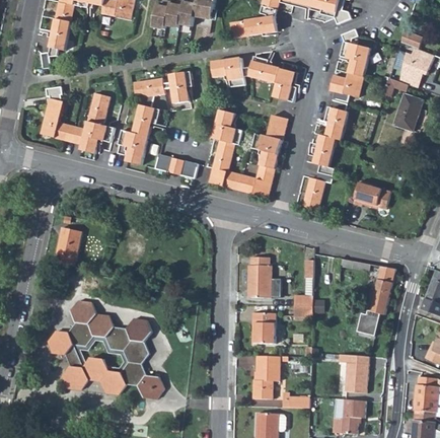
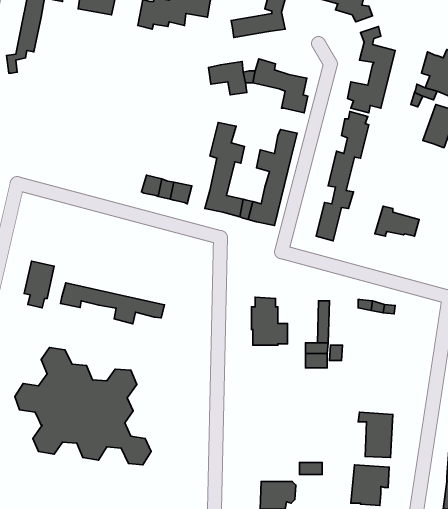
building: [118,70,192,164] -> none
building: [41,85,115,152] -> none
building: none -> [61,283,165,324]
building: [356,266,395,335] -> none
building: [252,312,275,343] -> none
building: [253,355,279,398] -> none

